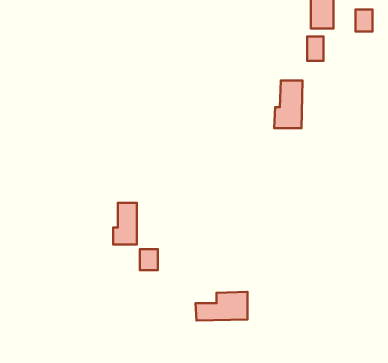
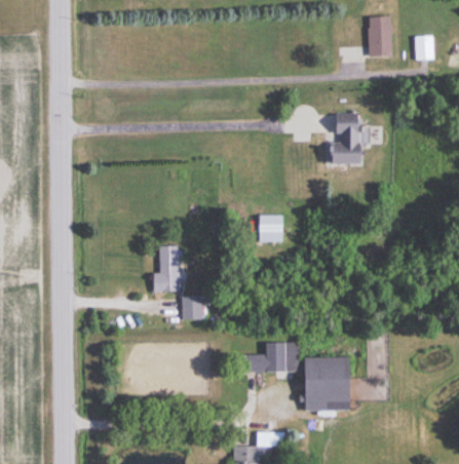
building: [307,37,324,61] -> none
building: none -> [260,215,283,240]
building: none -> [303,358,349,411]

